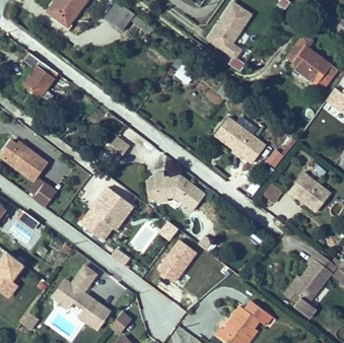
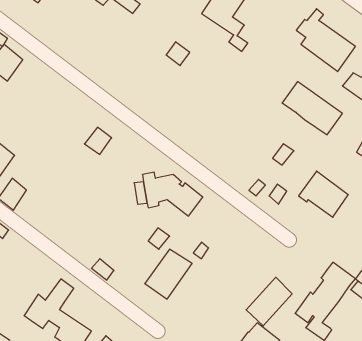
building: [214,117,266,162] -> [282,82,342,135]
building: [78,186,133,242] -> none
building: none -> [246,277,292,326]

